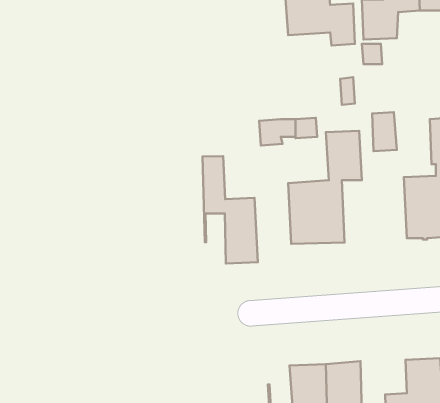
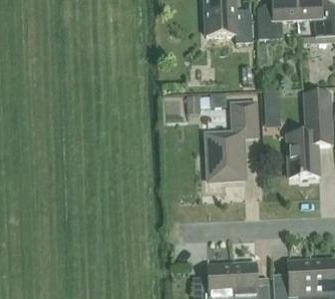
building: [203,156,258,263] -> none

